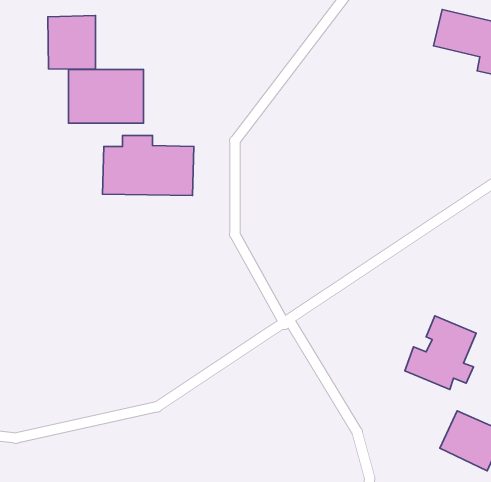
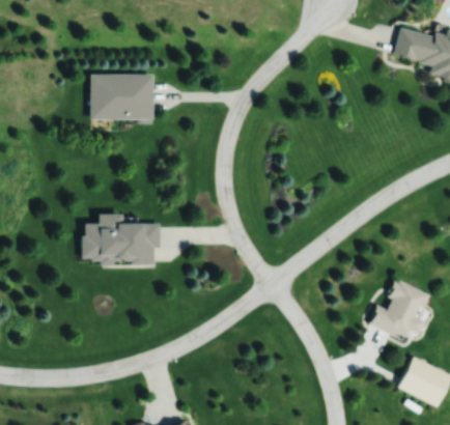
building: [48,15,96,69] -> none
building: [103,135,194,195] -> [82,215,158,264]

